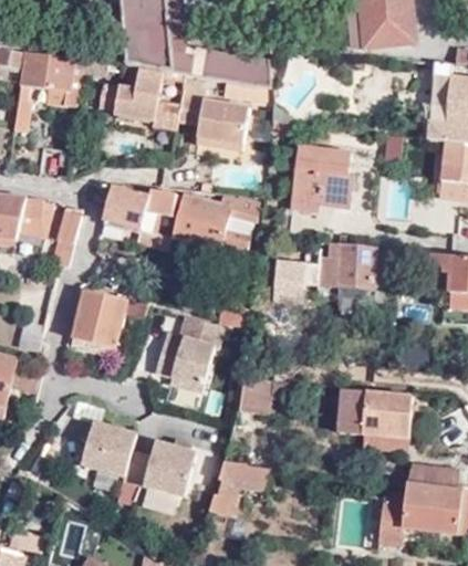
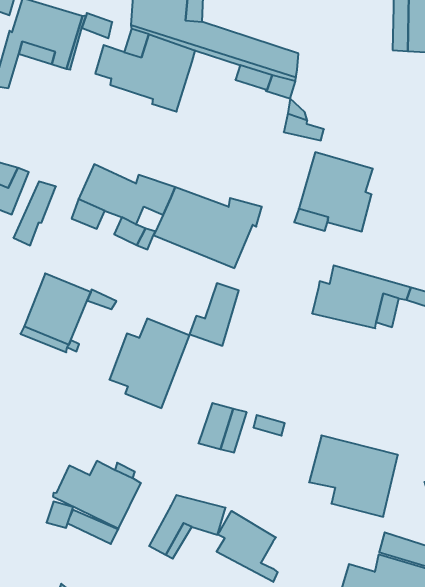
building: [176,84,248,149] -> none
building: [270,259,321,307] -> none
building: [75,416,134,474] -> none
building: none -> [217,511,278,582]

